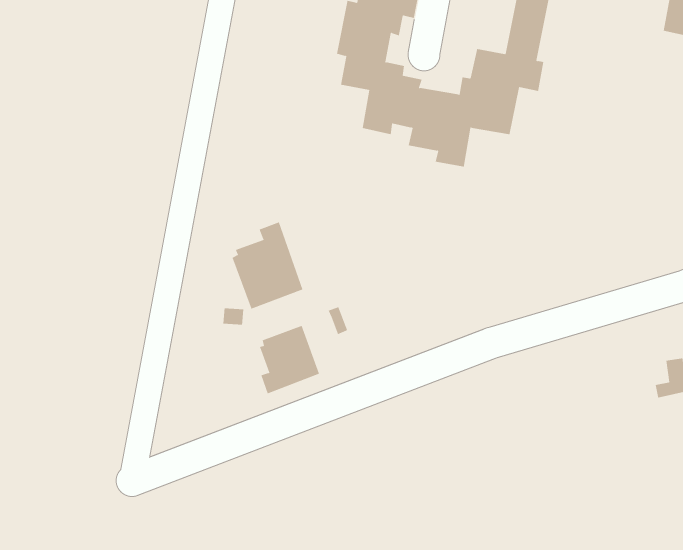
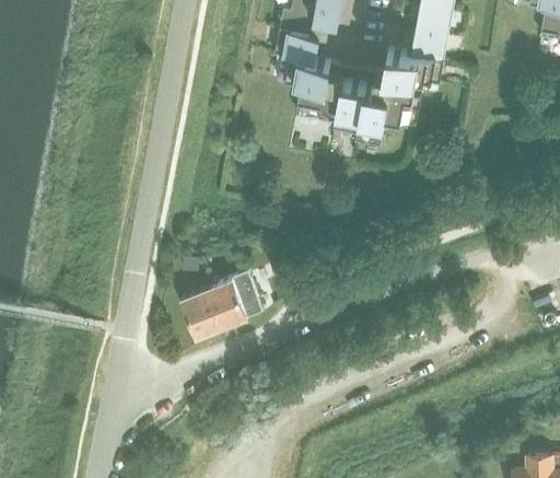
building: [232,222,303,309] -> none
building: none -> [183,284,221,337]

